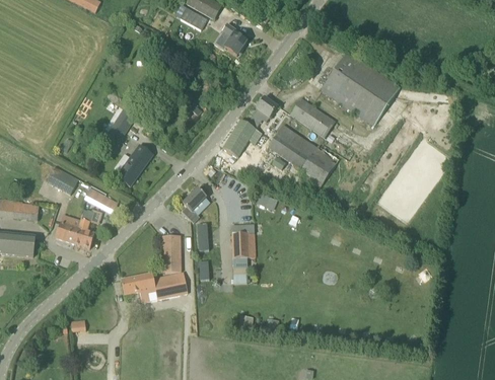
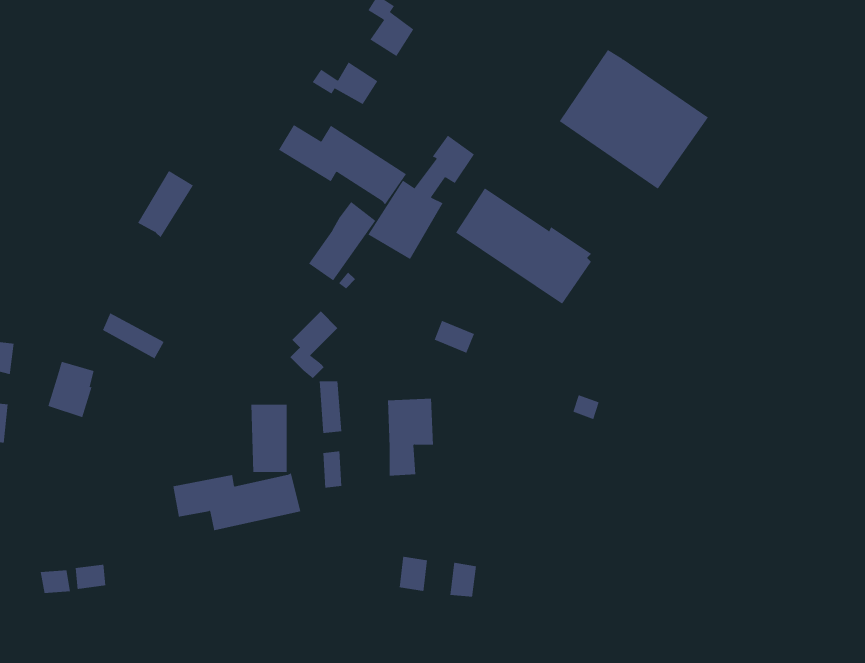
building: none -> [312,62,378,105]
building: none -> [278,124,407,205]
building: [289,98,334,137] -> none
building: [116,144,151,185] -> [308,201,376,281]
building: [46,166,77,194] -> none
building: [73,210,94,248] -> none

